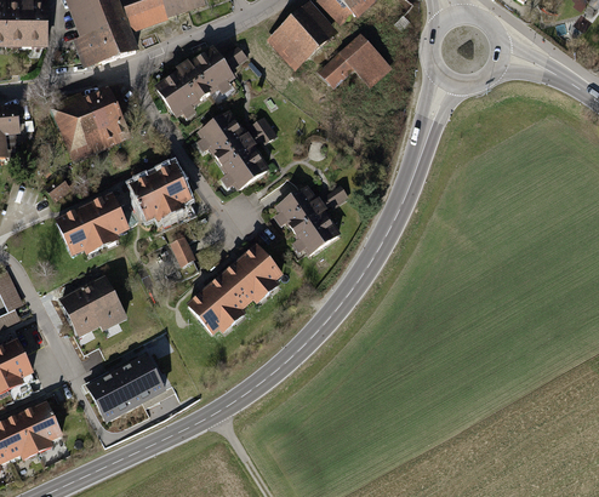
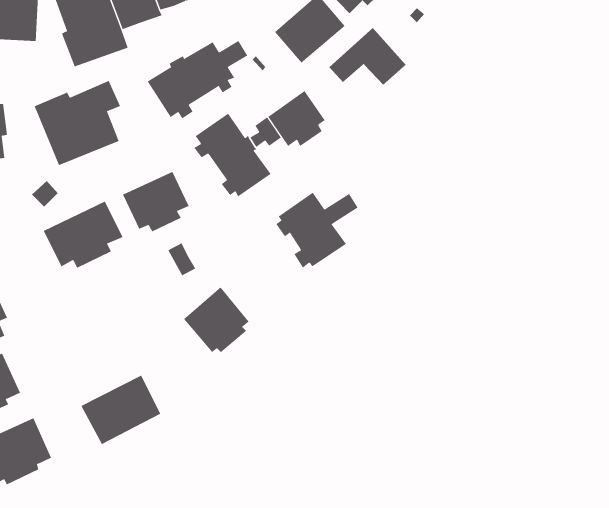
building: none -> [268,90,325,147]
building: [219,245,281,307] -> none
building: [57,276,125,341] -> none

